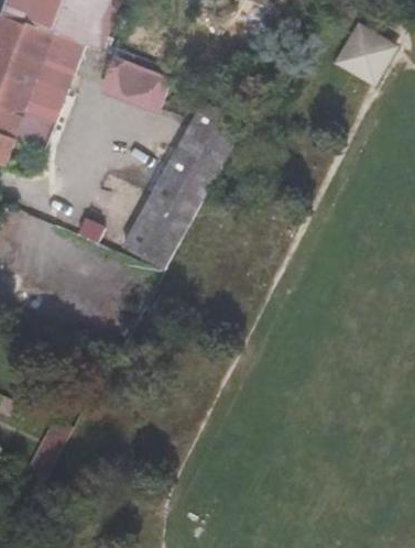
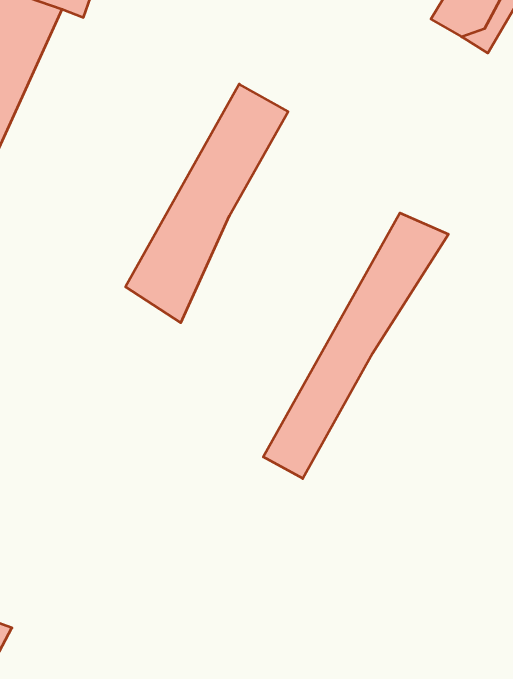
building: [101,63,168,111] -> none
building: none -> [263,213,448,479]

